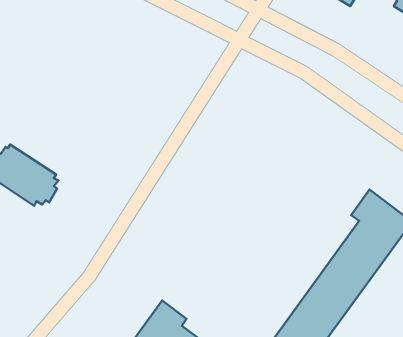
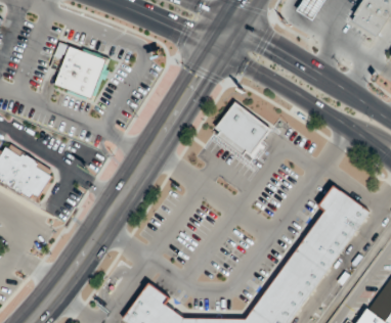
building: none -> [55,45,112,102]
building: none -> [216,101,272,155]

